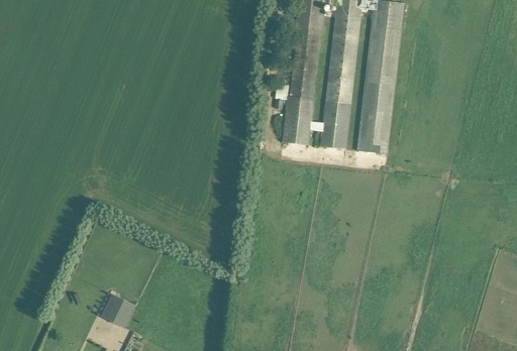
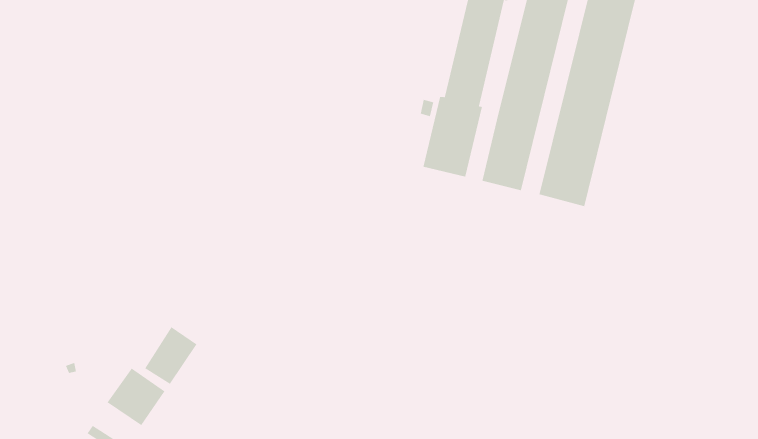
building: none -> [144,326,198,385]

